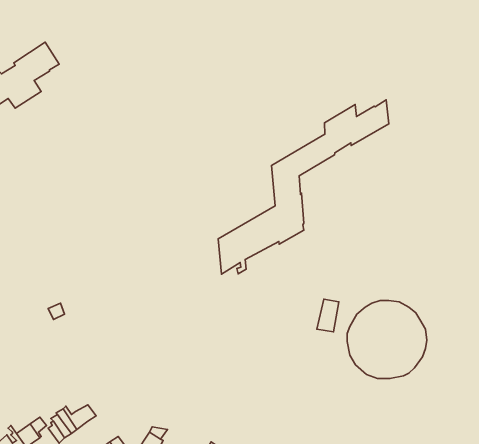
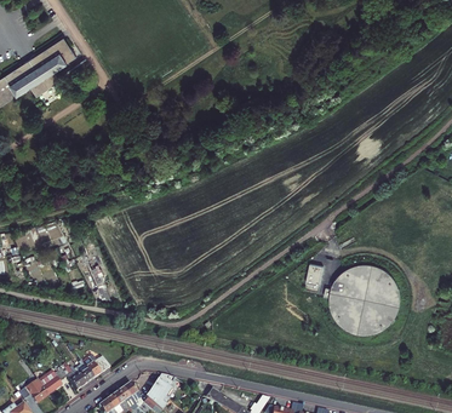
building: [218,100,389,274] -> none

